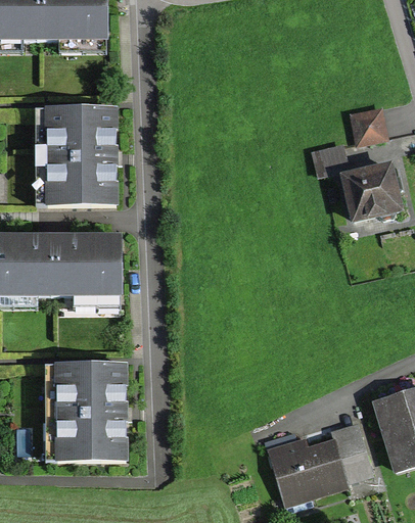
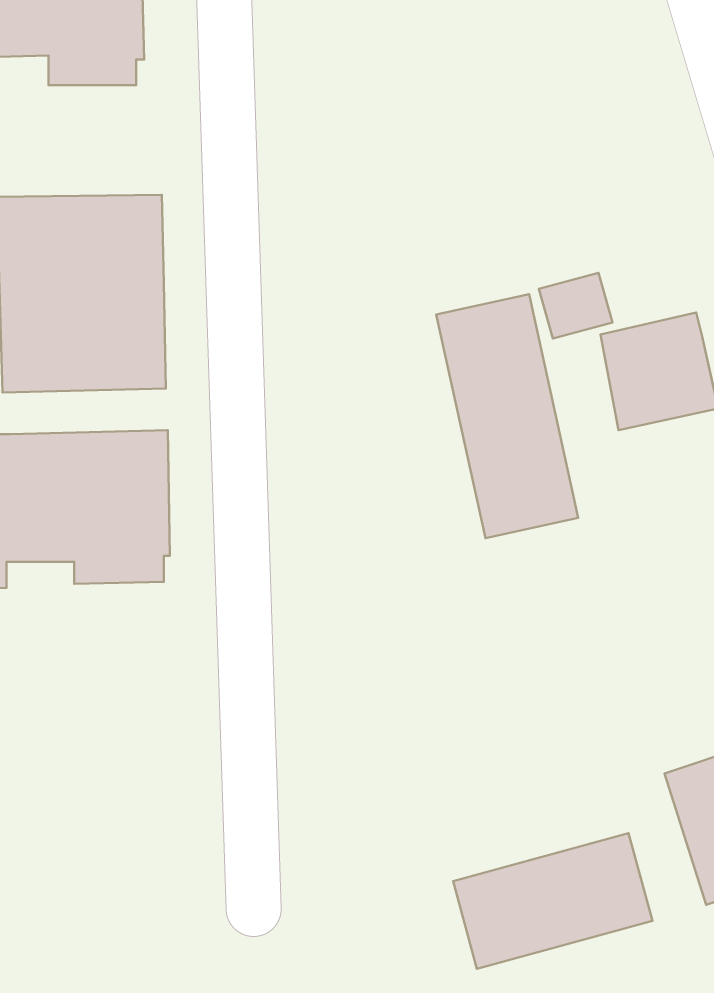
building: [350,107,388,145] -> none
building: none -> [436,294,578,538]
building: [45,366,128,461] -> none

